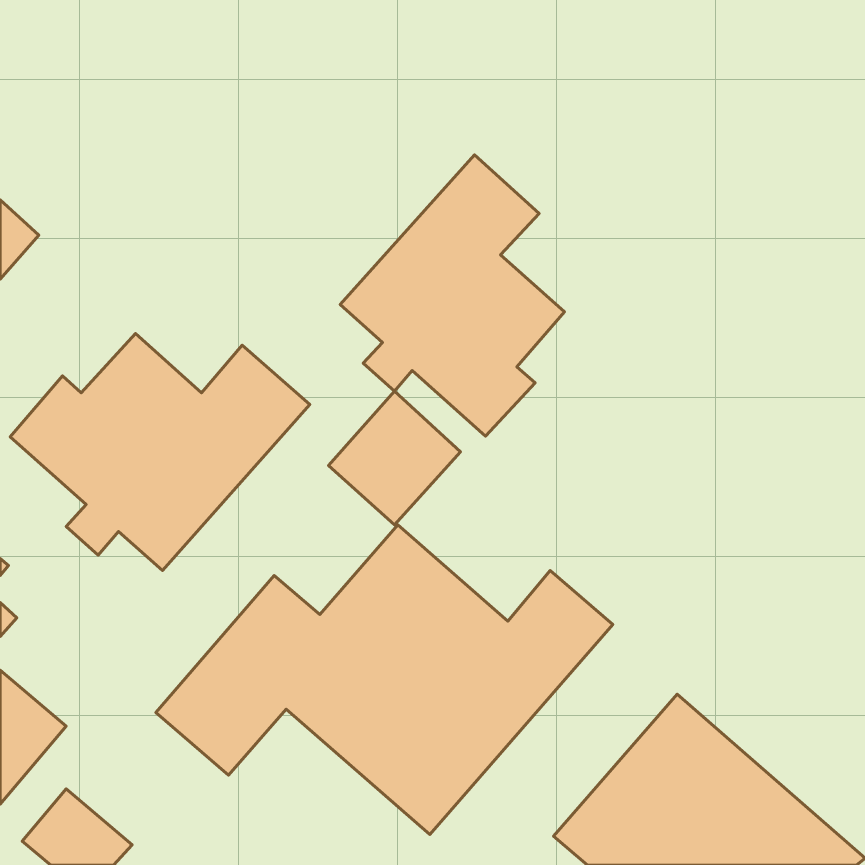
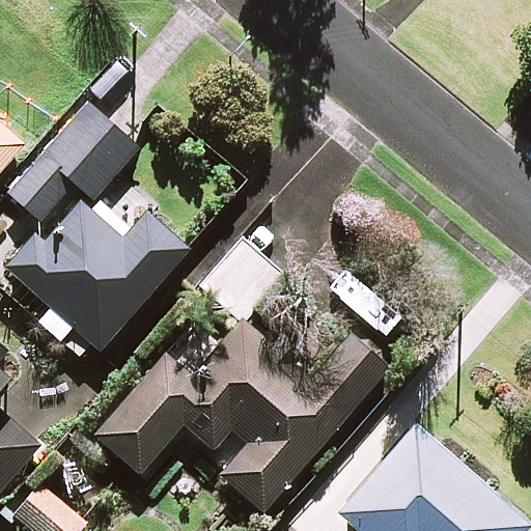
building: [340,155,565,436] -> none
building: none -> [8,103,139,220]

